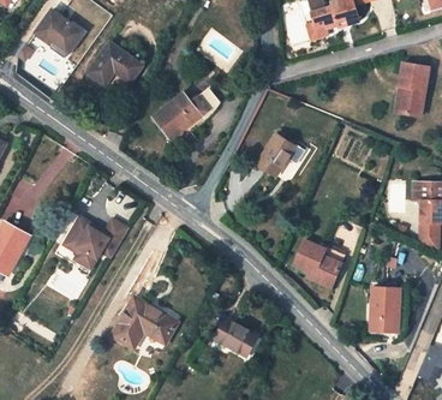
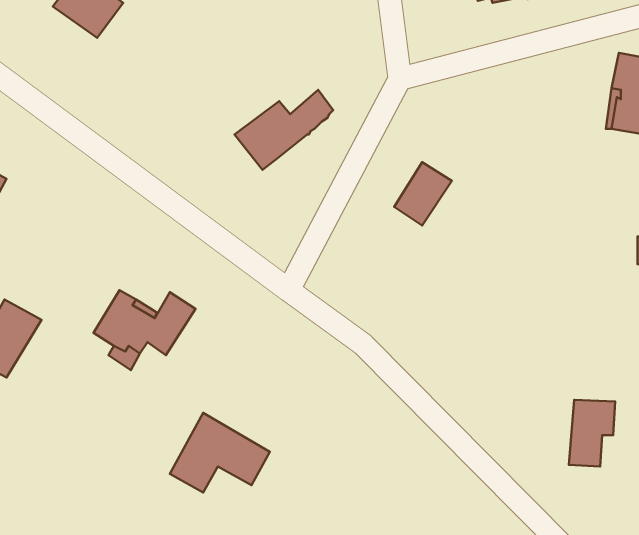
building: [88,42,142,85] -> none
building: [293,239,344,283] -> none
building: [215,318,256,356] -> none

